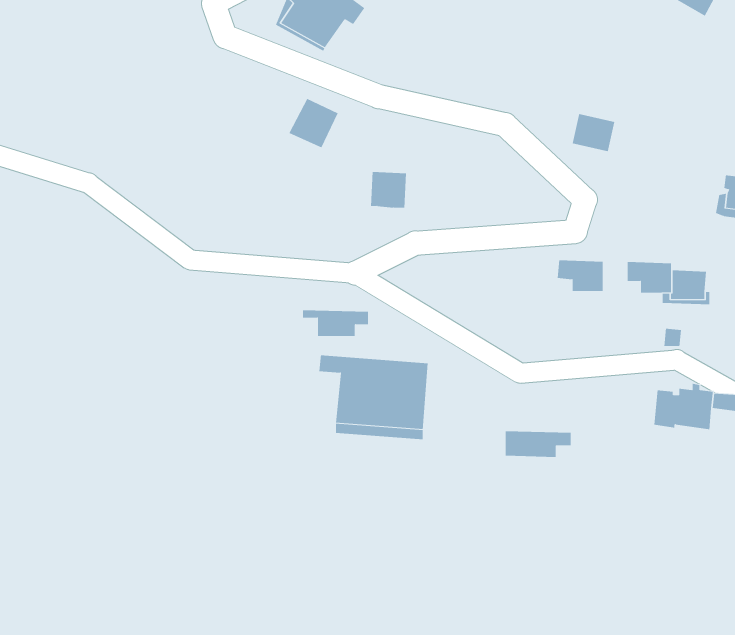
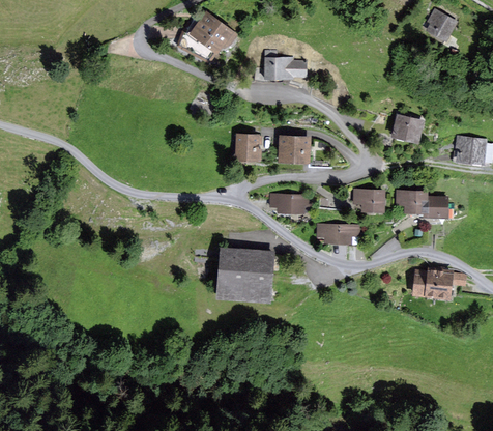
building: none -> [255,50,307,83]
building: [572,113,615,152] -> [395,115,422,139]
building: none -> [281,137,309,160]
building: [302,310,369,336] -> [270,194,312,210]
building: [505,431,571,458] -> [318,224,359,240]

